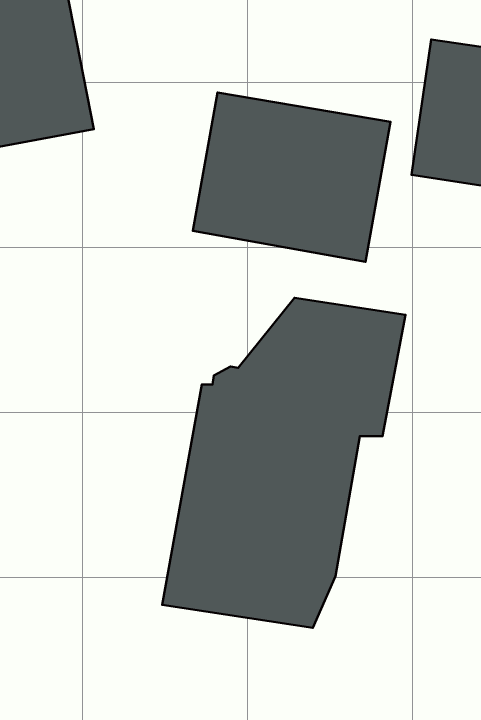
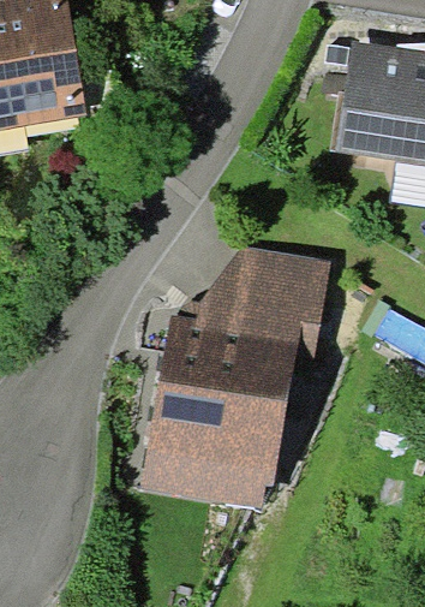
building: [193,92,391,262] -> none

